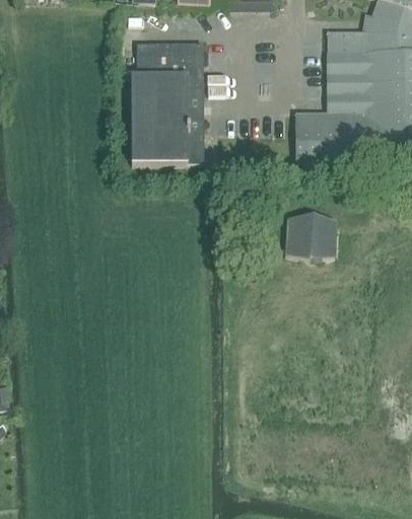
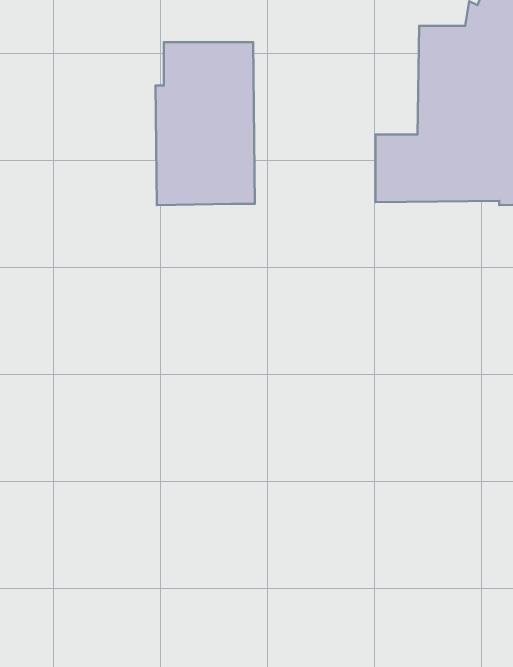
building: [286,212,338,258] -> none

